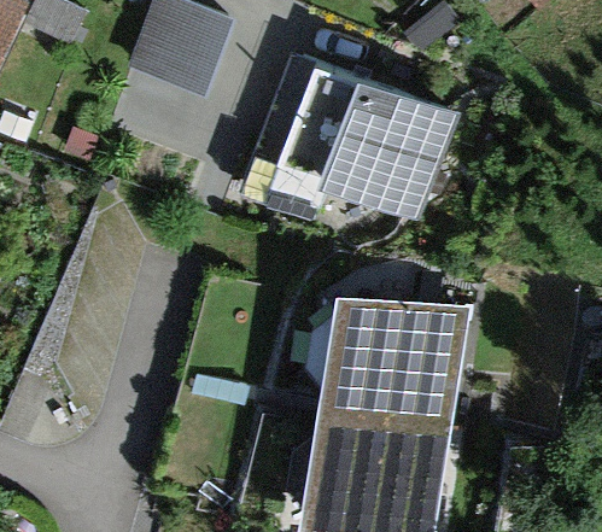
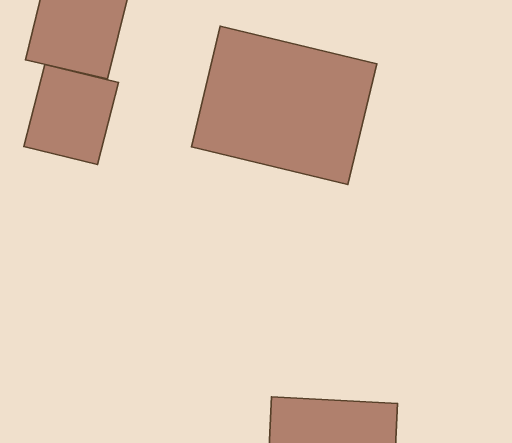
building: none -> [24,64,119,164]
building: [322,299,458,432] -> none

